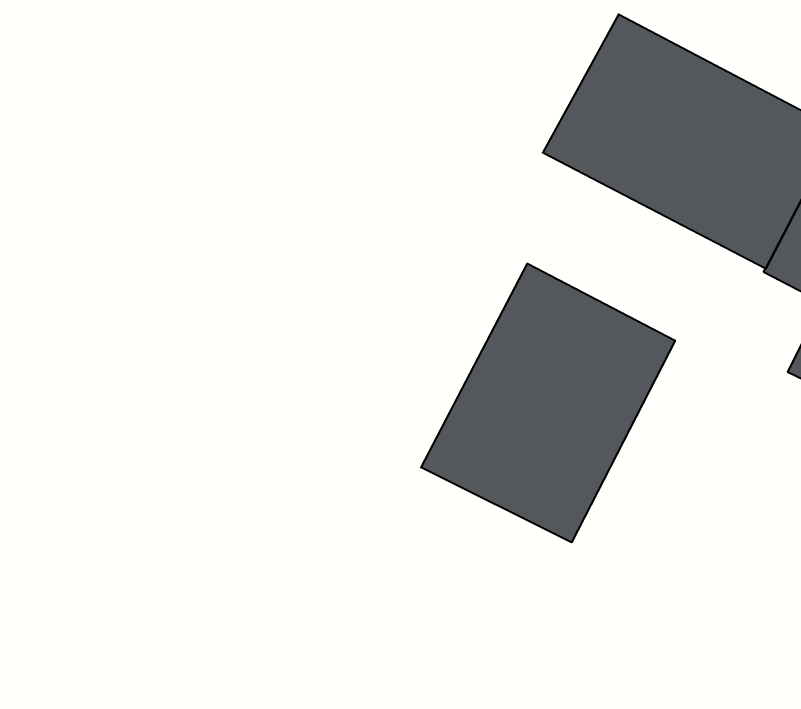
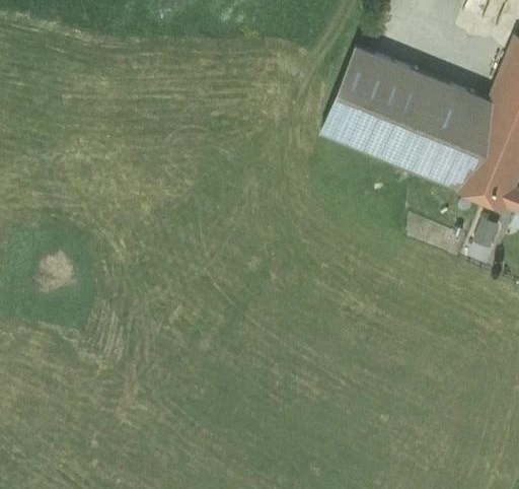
building: [421,264,675,542] -> none

